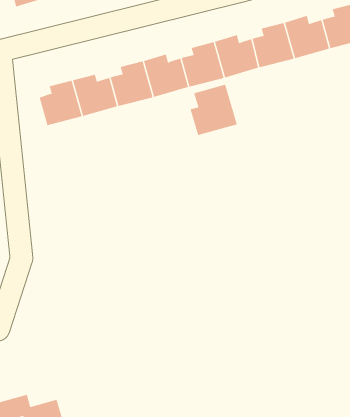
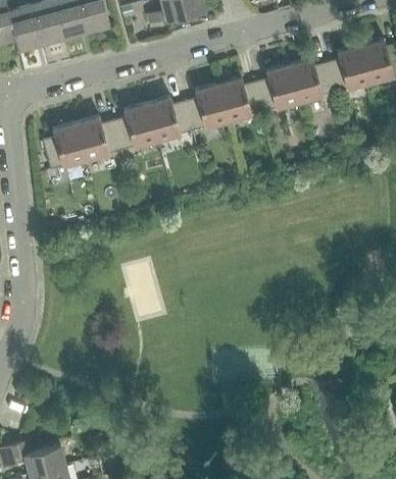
building: [190,84,238,136] -> none

